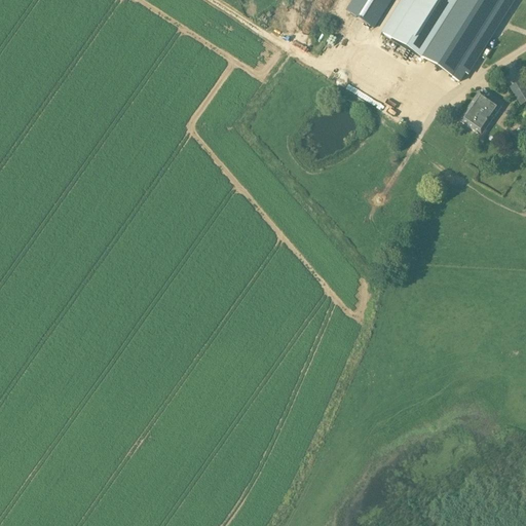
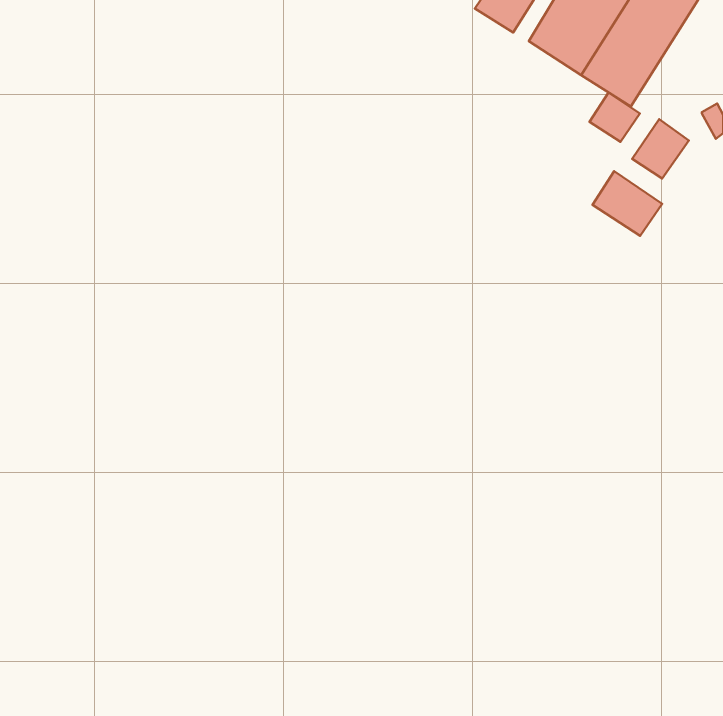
building: none -> [590,92,640,142]
building: none -> [593,171,662,236]

